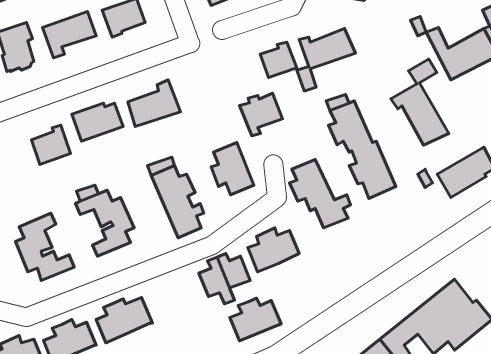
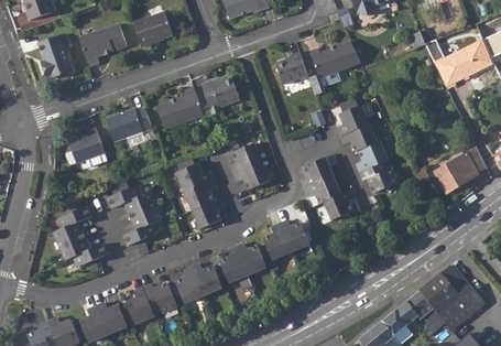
building: [391,59,449,145] -> none
building: [240,93,282,136] -> [202,76,240,115]
building: [230,298,281,341] -> [176,264,222,303]

